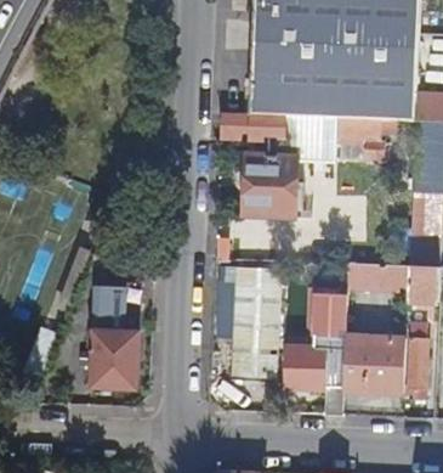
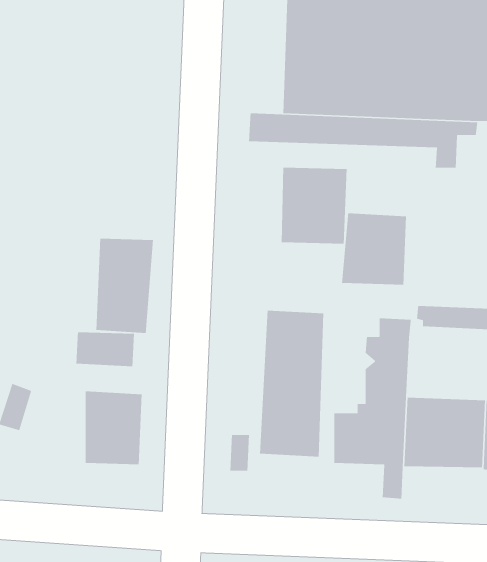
building: none -> [341,212,407,285]
building: none -> [95,238,154,334]

